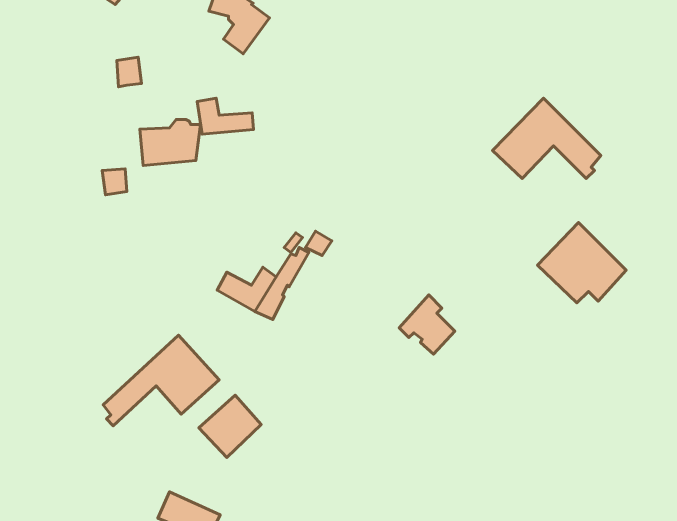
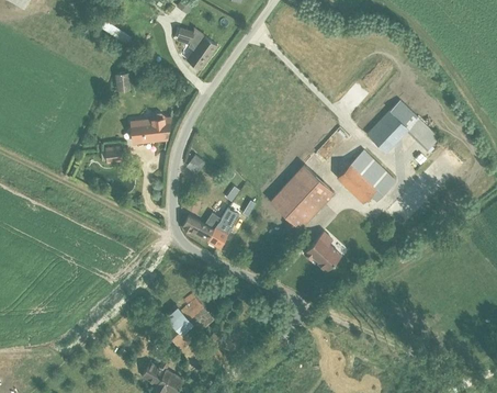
building: [197,98,253,134] -> none
building: none -> [270,165,332,228]
building: [538,223,626,303] -> [336,149,395,203]
building: [103,335,219,426] -> none

